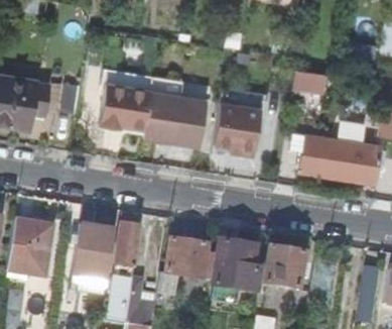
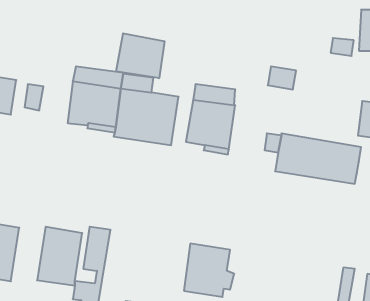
building: none -> [116,33,165,78]
building: [164,236,208,279] -> none
building: [263,246,306,289] -> none

